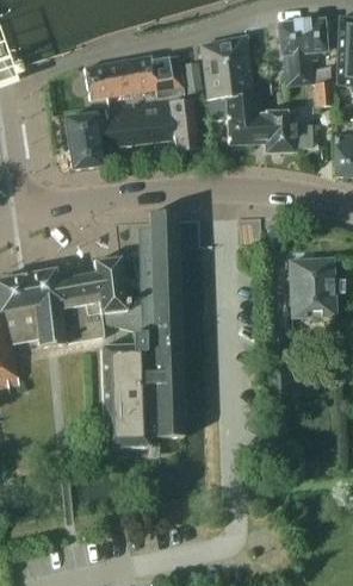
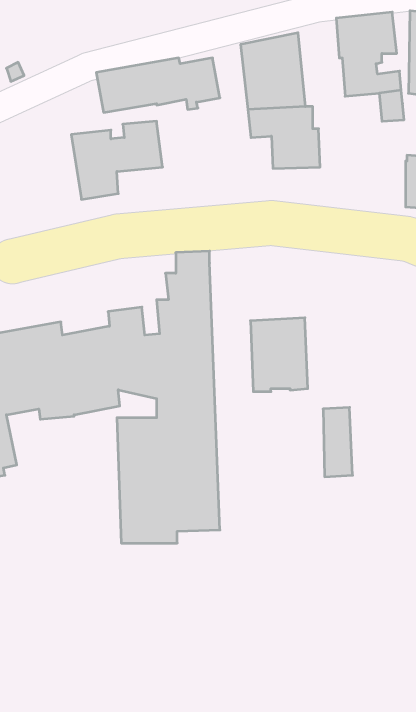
building: [132,62,202,150] -> none
building: [264,111,311,151] -> none
building: [289,257,335,317] -> [250,318,308,392]

